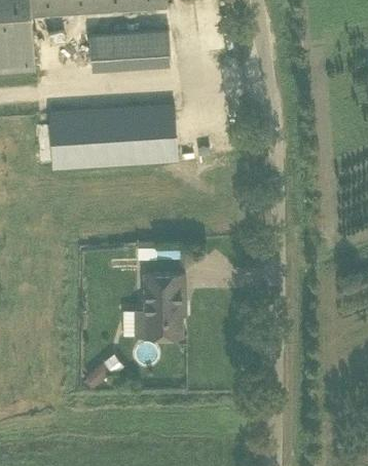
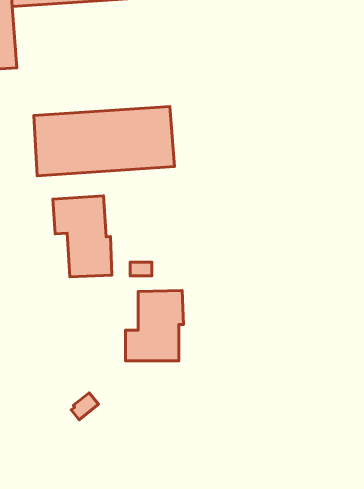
building: [87,28,171,67] -> none
building: none -> [53,196,112,277]

